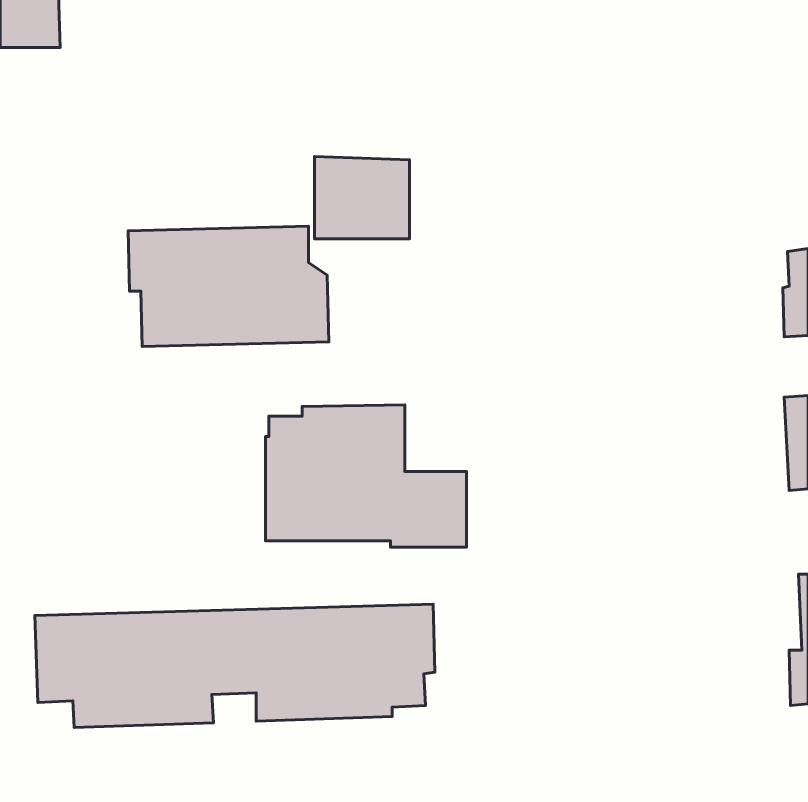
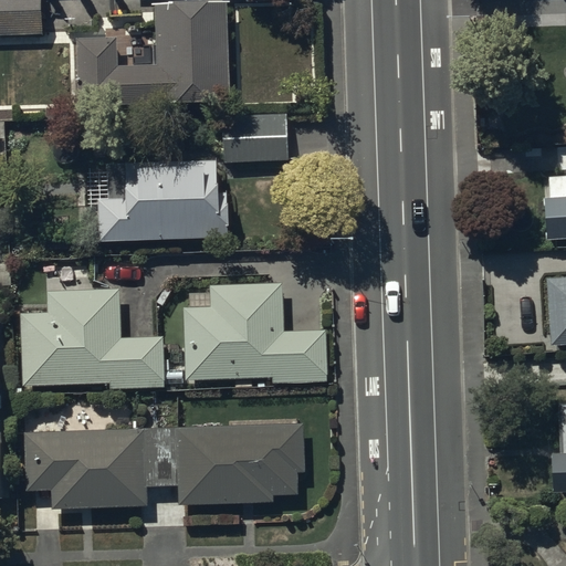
building: none -> [80,7,231,104]
building: none -> [21,289,164,388]

